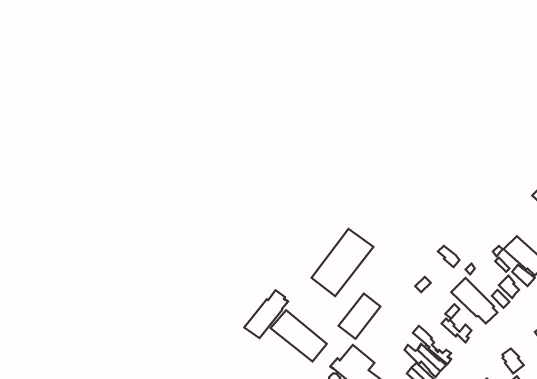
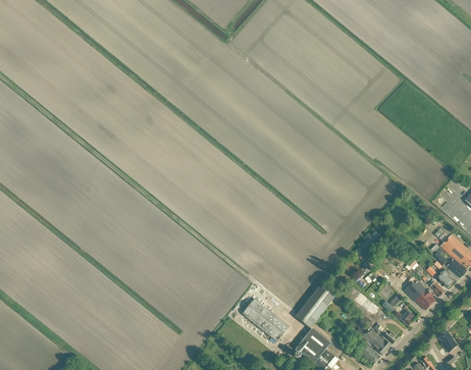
building: [312,229,374,296] -> none
building: [244,290,288,338] -> none

